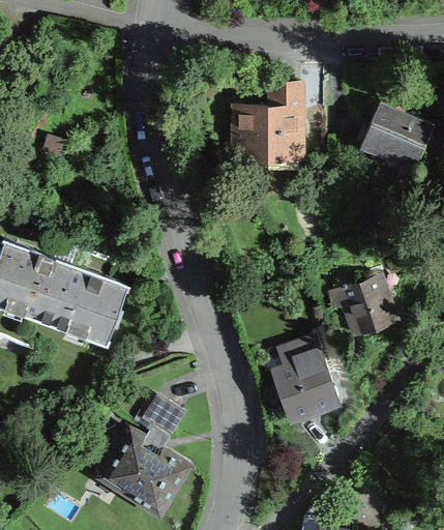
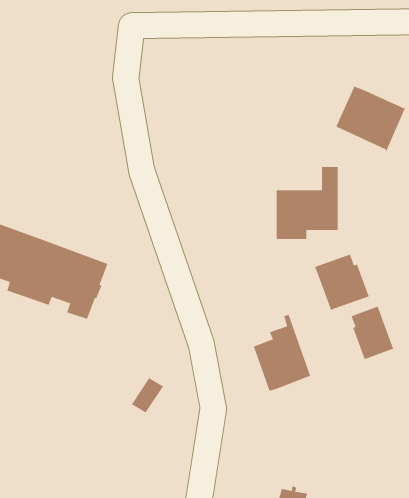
building: [236,85,300,160] -> [276,166,338,240]
building: none -> [351,306,394,360]
building: [105,432,189,510] -> none

